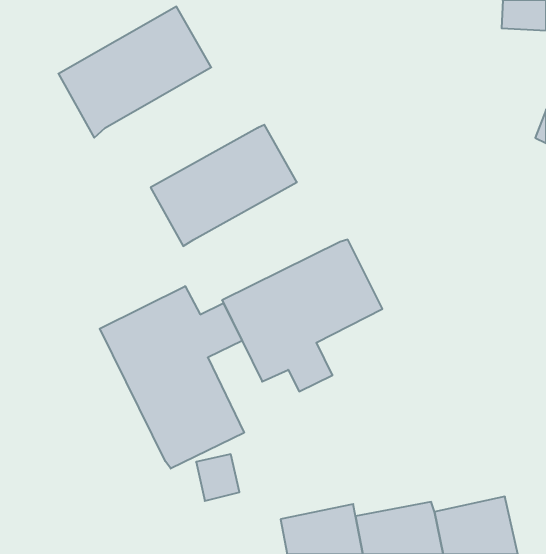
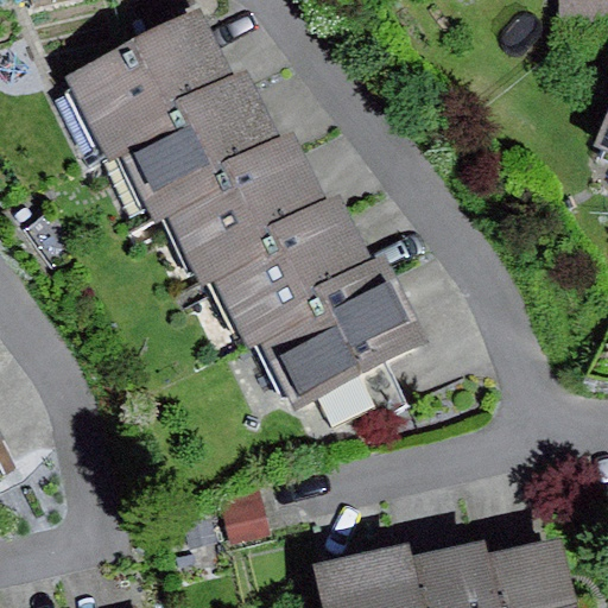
building: none -> [115,69,283,211]
building: none -> [213,195,373,329]
building: [100,286,244,469] -> none

